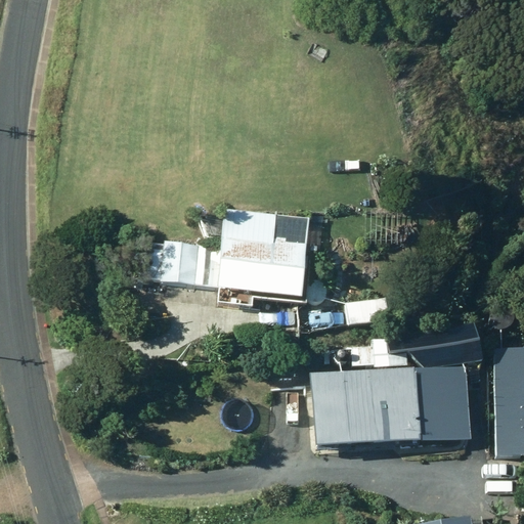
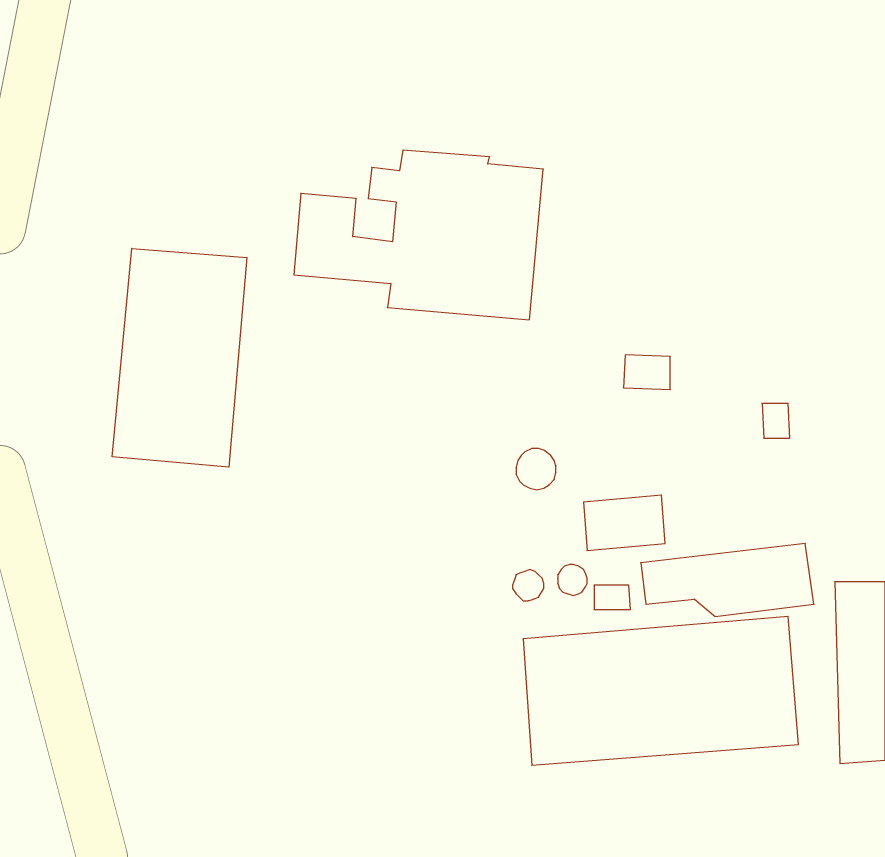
building: none -> [112,248,247,467]
building: [161,204,308,304] -> [294,150,543,320]

